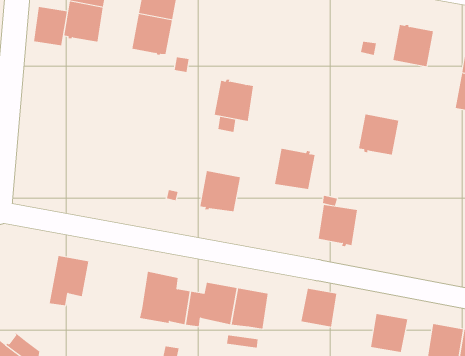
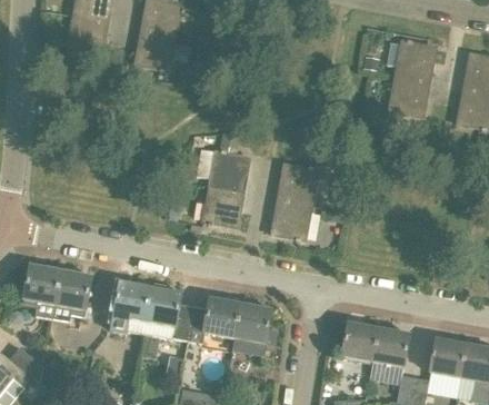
building: [34,6,67,46] -> none
building: [214,79,254,121] -> [209,149,249,191]
building: [358,114,399,155] -> [388,75,429,116]
building: [318,204,358,247] -> [271,198,311,240]
building: none -> [23,263,61,317]
building: none -> [111,279,150,334]
building: [301,288,337,327] -> [341,322,378,360]

